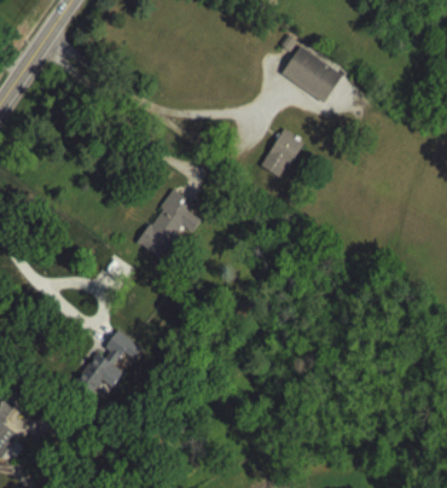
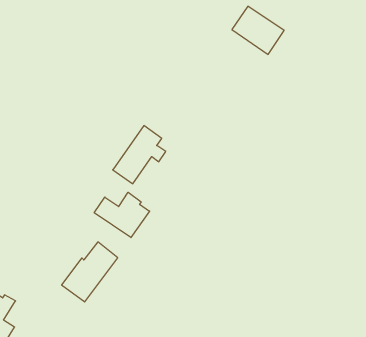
building: [260,128,304,179] -> none
building: none -> [94,192,150,238]

